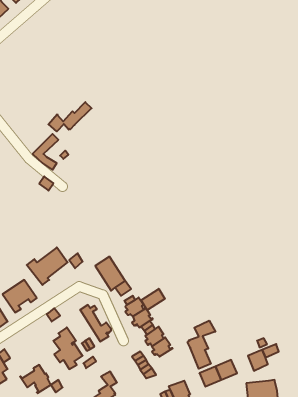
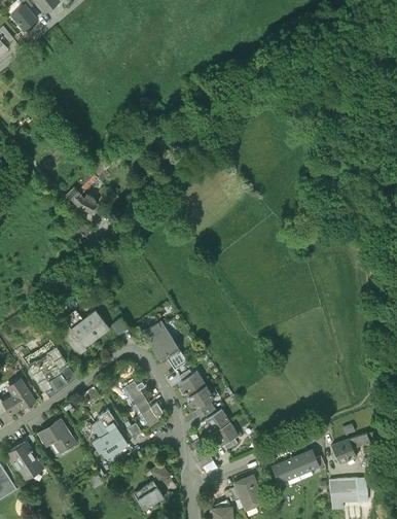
building: [48,102,92,131] -> none
building: [141,289,165,310] -> none
building: [188,321,215,369] -> none
building: [20,365,51,393] -> [37,419,75,454]

